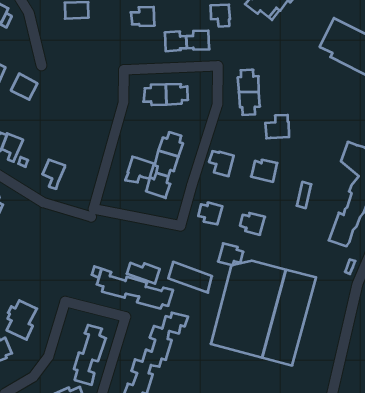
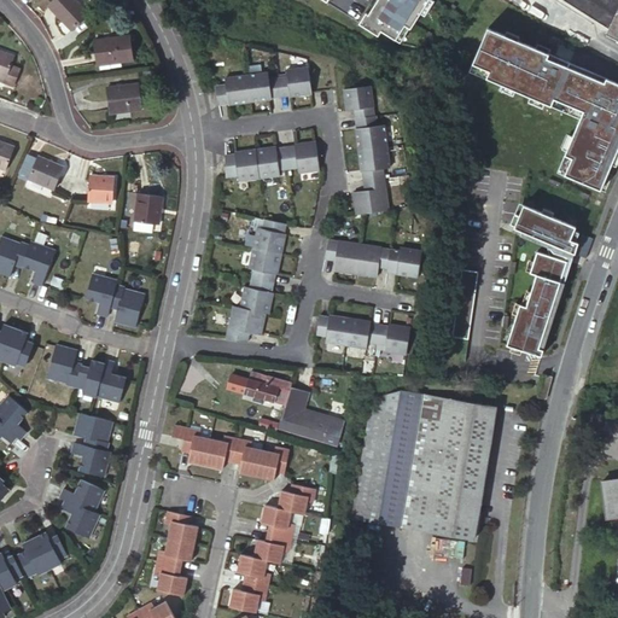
building: [210,5,230,26] -> [344,86,374,118]
building: [131,7,155,26] -> [211,74,247,103]
building: none -> [106,84,140,112]
building: none -> [284,140,319,173]
building: none -> [87,173,117,202]
building: none -> [134,193,165,225]
building: [265,115,289,138] -> [354,180,390,216]
building: none -> [355,243,391,275]
building: [125,157,154,182] -> [223,304,263,340]
building: none -> [110,281,145,325]
building: none -> [46,348,124,402]
building: [218,243,243,265] -> [345,317,380,348]
building: none -> [70,416,106,476]
building: [127,263,160,284] -> [244,375,291,403]

